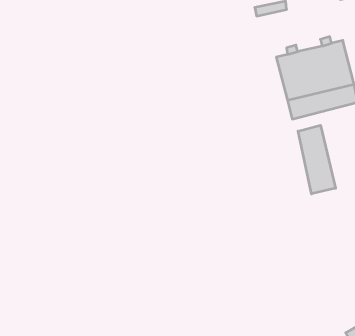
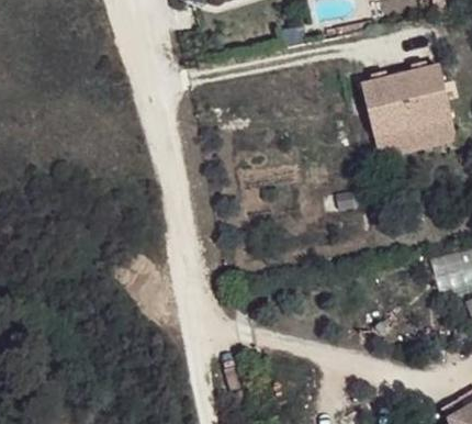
building: [298,125,336,194] -> none

